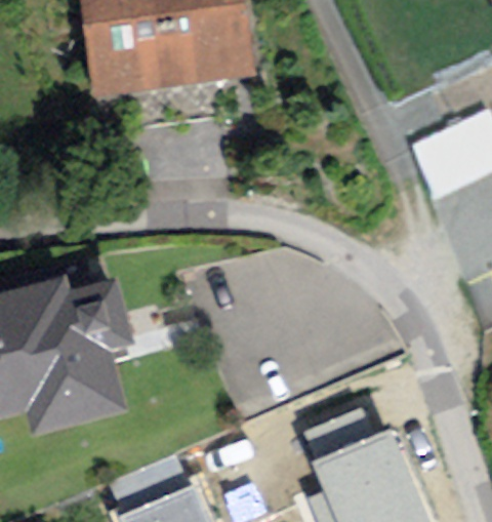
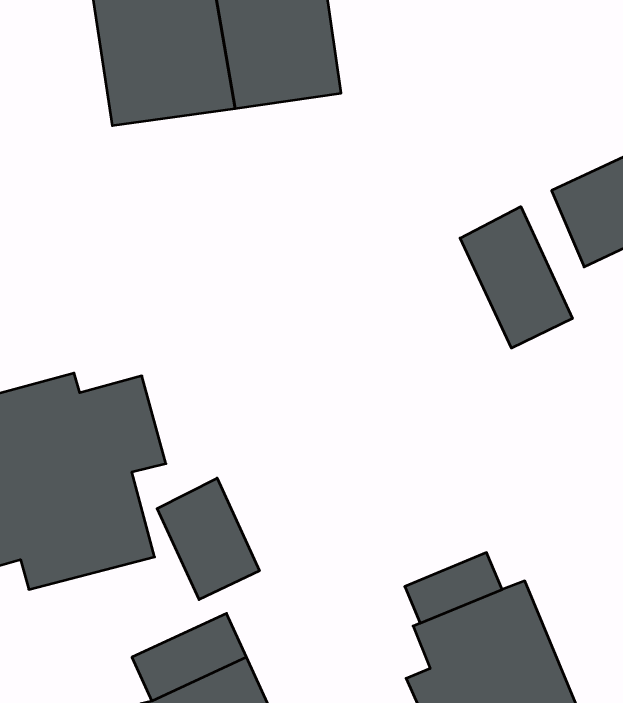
building: none -> [460,207,572,348]
building: none -> [157,478,259,600]

